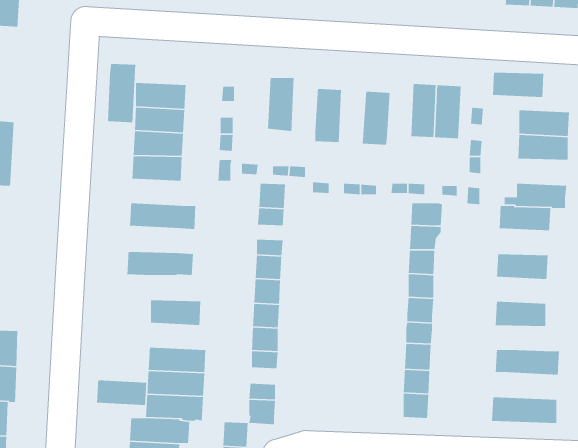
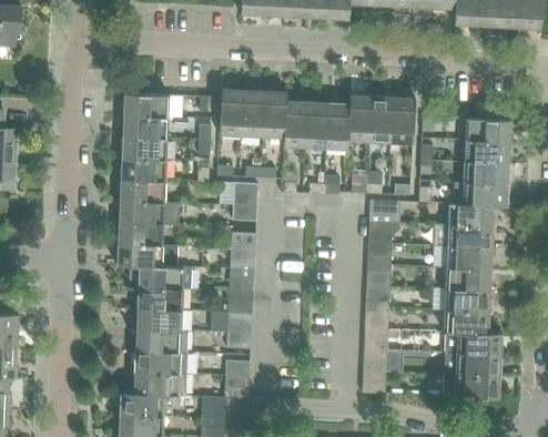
building: [107,63,136,123] -> none
building: [492,72,544,98] -> [463,162,509,185]
building: none -> [219,88,243,135]
building: none -> [263,89,286,138]
building: none -> [348,93,371,142]
building: none -> [305,100,328,149]
building: none -> [119,180,164,203]
building: none -> [116,222,163,245]
building: none -> [433,224,493,247]
building: none -> [136,265,190,289]
building: none -> [445,267,490,291]
building: none -> [443,311,489,333]
building: none -> [442,353,500,376]
building: [96,380,147,406] -> [135,308,181,332]

